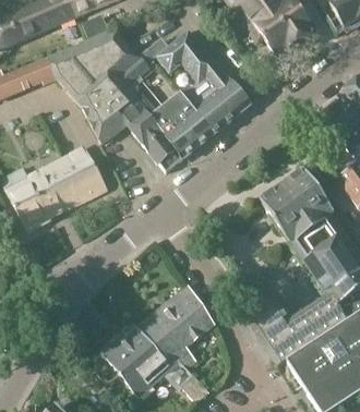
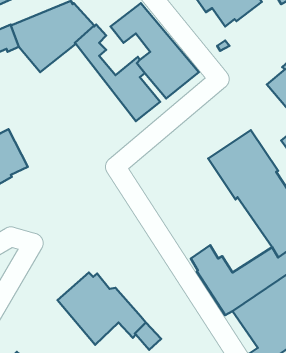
building: [80,74,182,170] -> none
building: [46,146,105,206] -> none
building: [141,282,215,366] -> none

